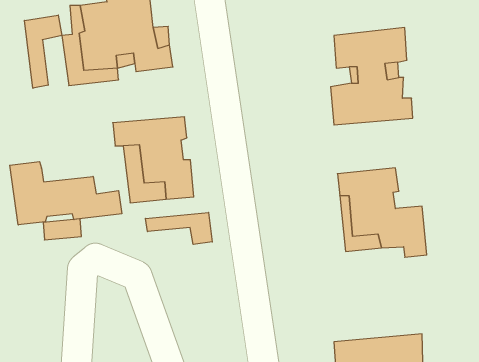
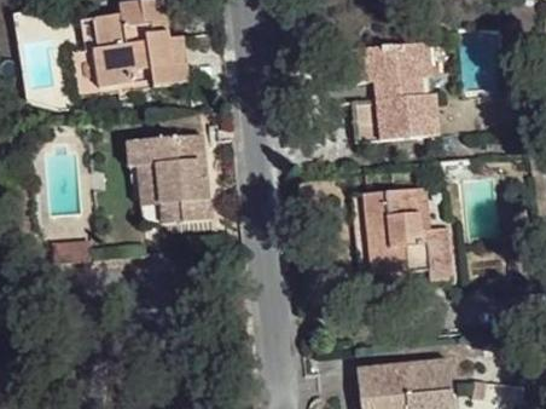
building: [24,15,62,88] -> none
building: [10,162,122,225] -> none
building: [145,212,212,244] -> none

